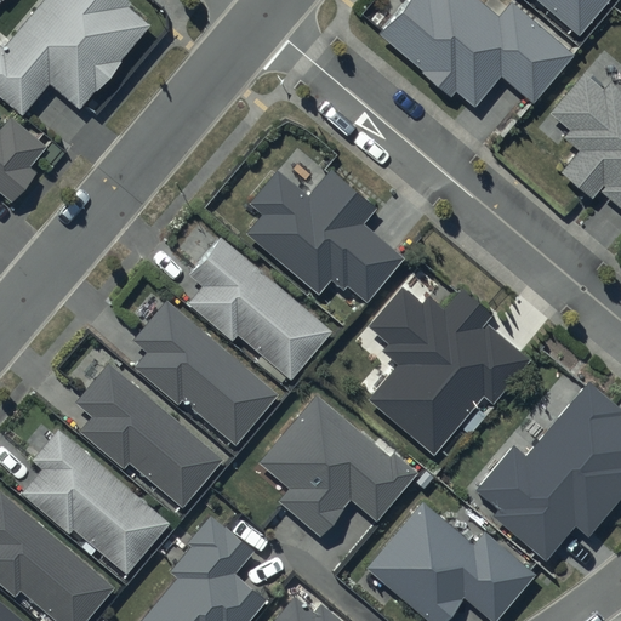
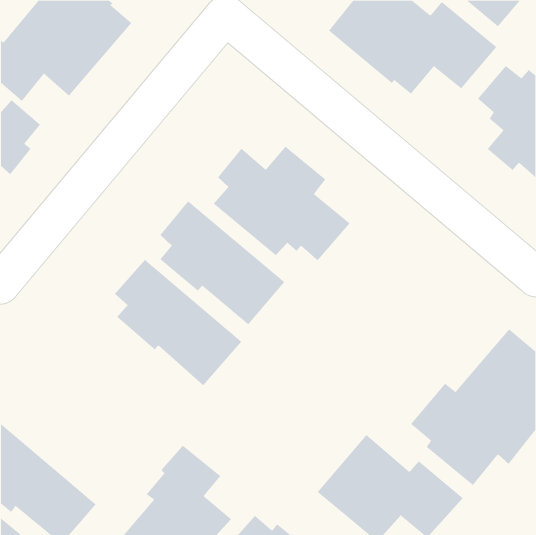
building: [369,289,529,455] -> none
building: [73,360,220,506] -> none
building: [258,397,420,541] -> none
building: [18,427,167,572] -> none

